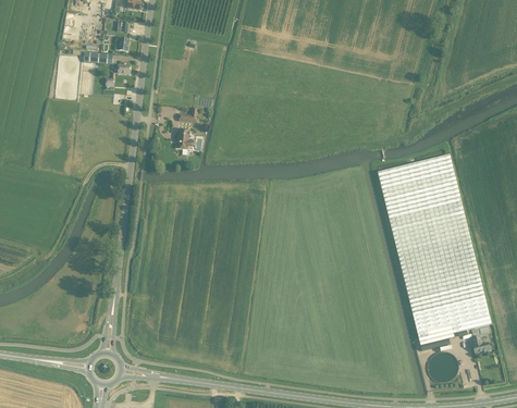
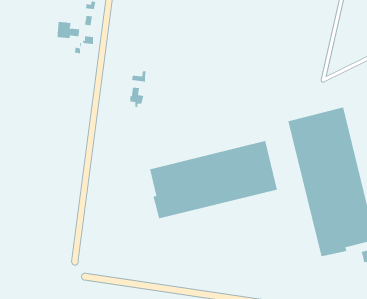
building: none -> [150,140,277,219]

